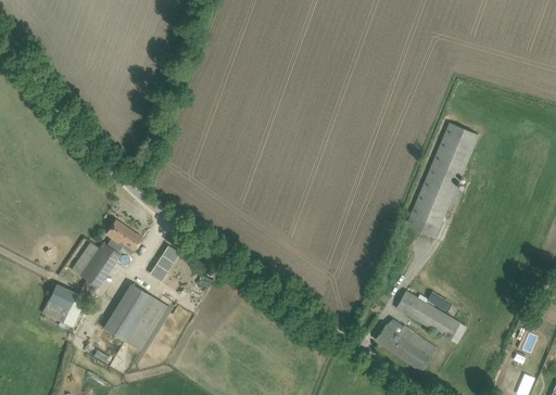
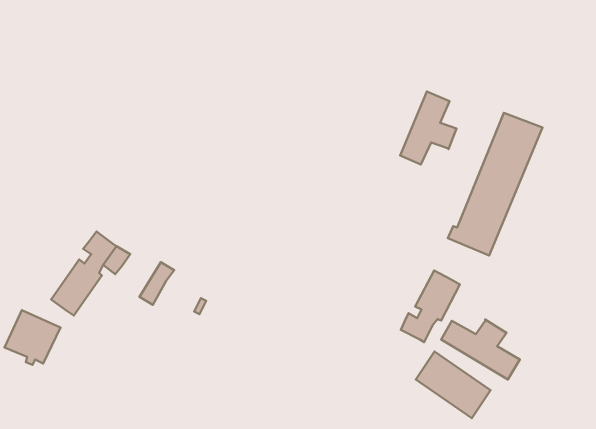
building: none -> [400,92,457,165]
building: none -> [401,270,460,342]
building: [103,283,172,353] -> none

